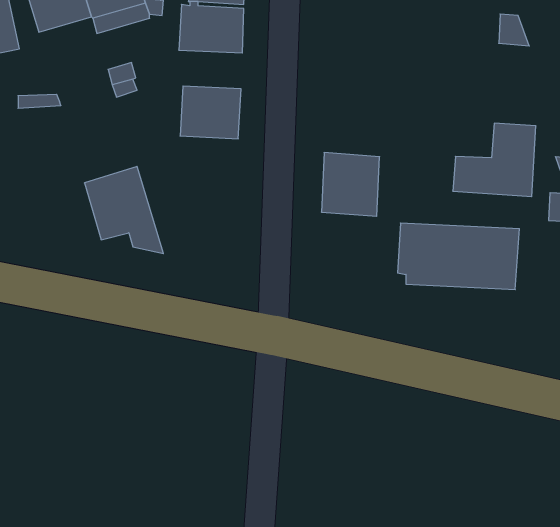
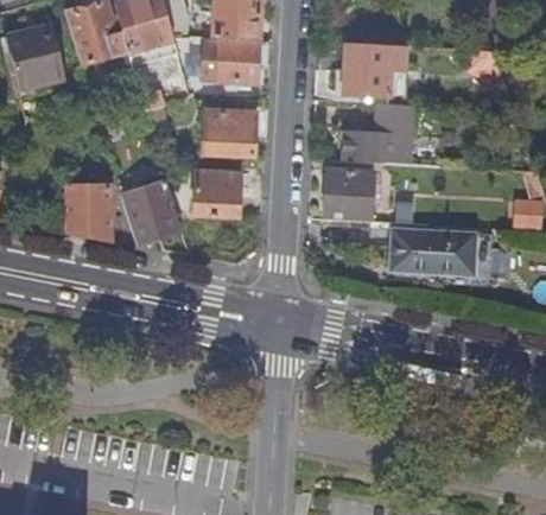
building: none -> [343,42,391,95]
building: [453,123,536,197] -> [342,102,413,165]
building: none -> [193,170,240,216]
building: none -> [65,185,110,239]

